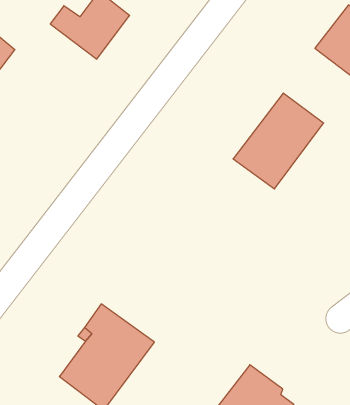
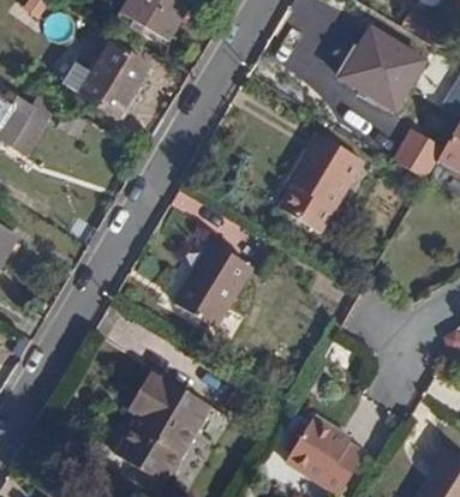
building: none -> [171,236,249,324]

